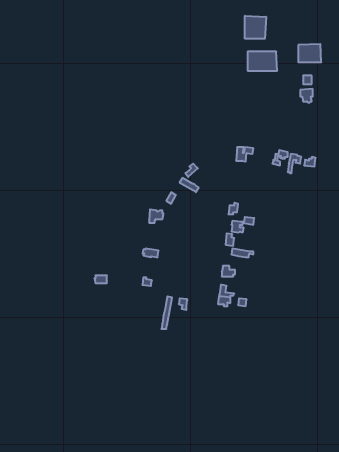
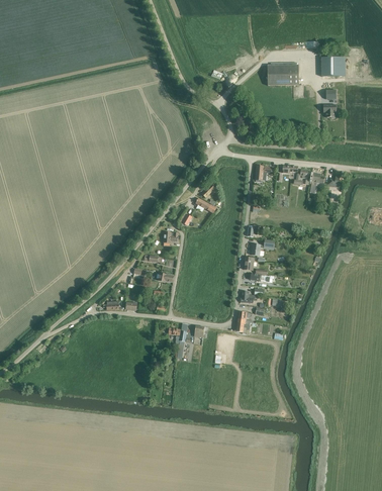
building: [245,16,266,39] -> none

